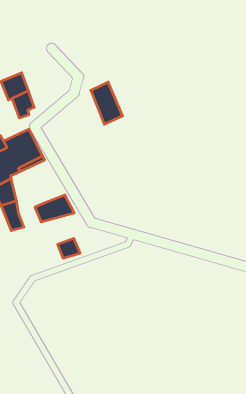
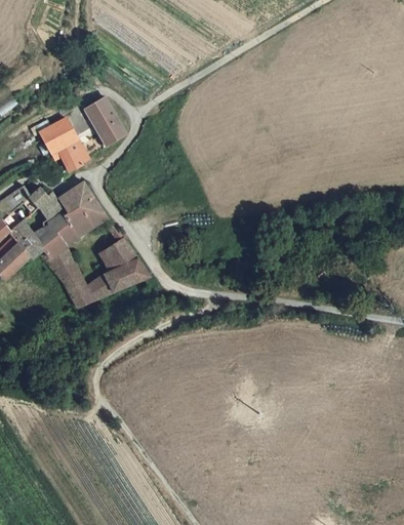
building: [91,82,123,124] -> [84,96,125,147]
building: none -> [99,236,133,270]
building: [58,239,80,258] -> [81,276,109,300]

